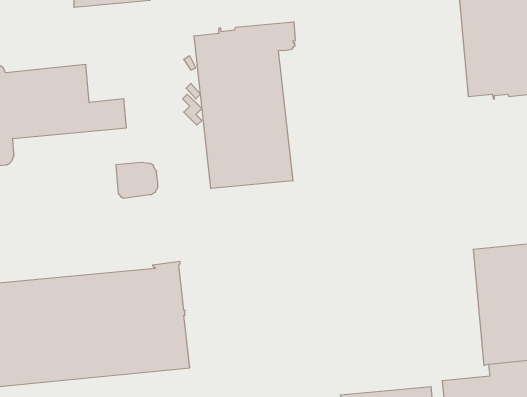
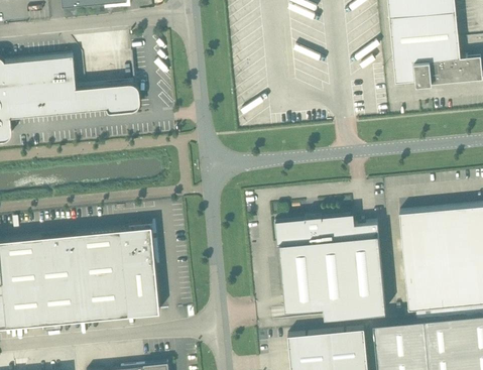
building: [194,22,295,189] -> none
building: [116,162,158,198] -> [105,85,140,115]
building: none -> [275,216,386,320]

